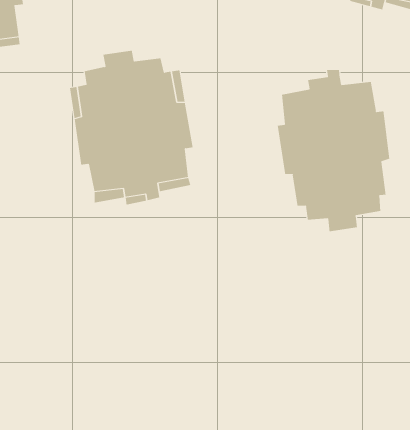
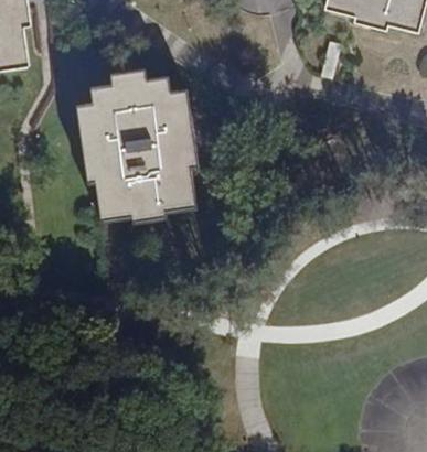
building: [277,69,390,232] -> none

